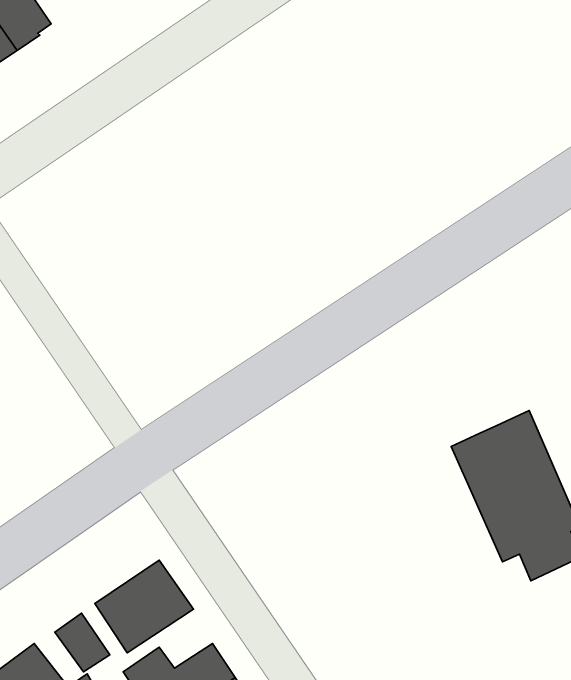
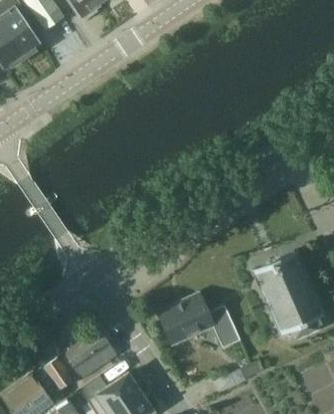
building: none -> [157,293,239,349]

